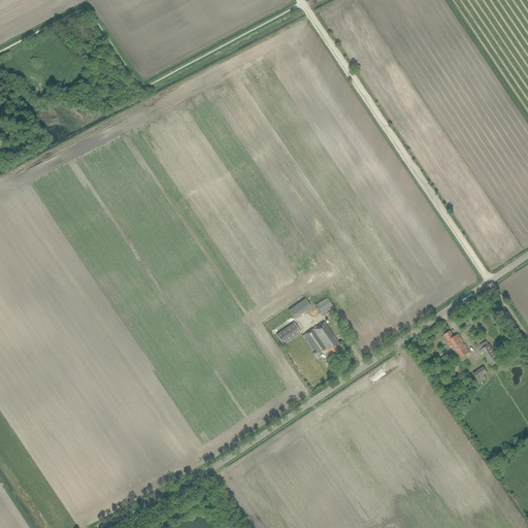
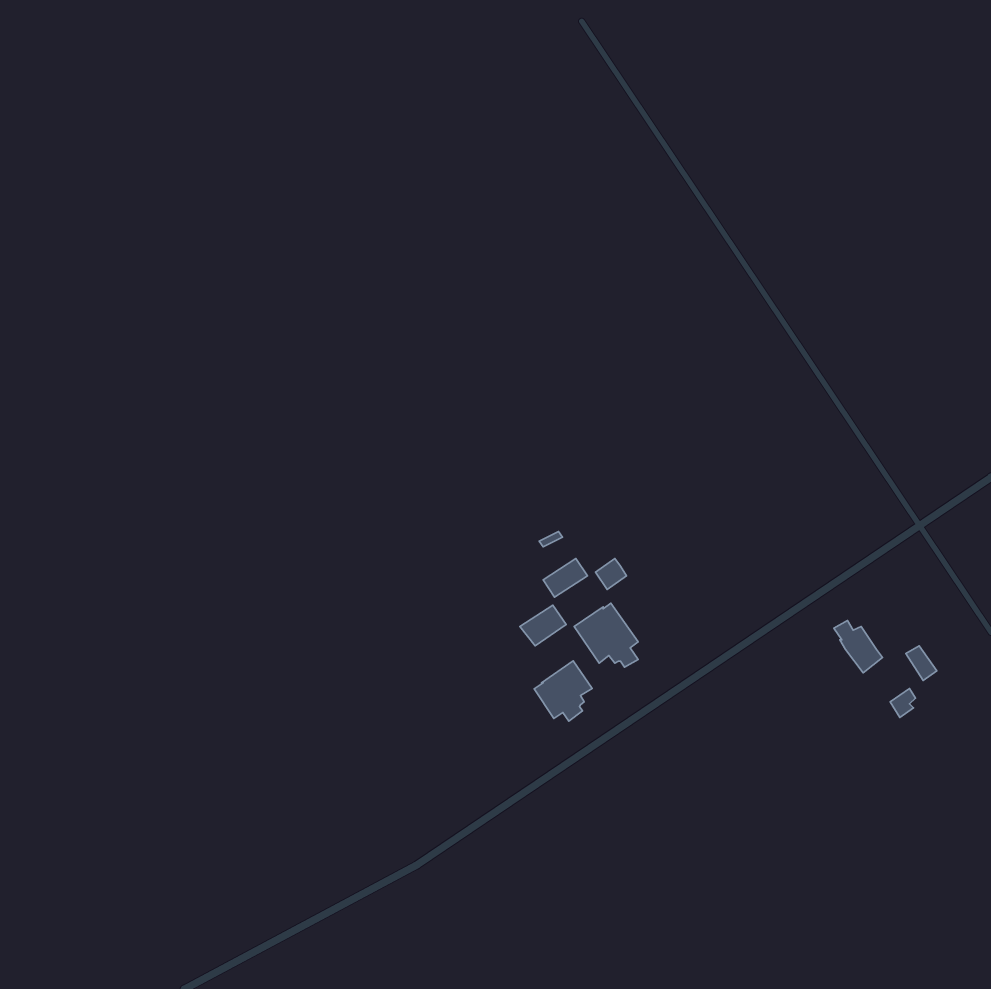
building: none -> [534,661,592,721]

